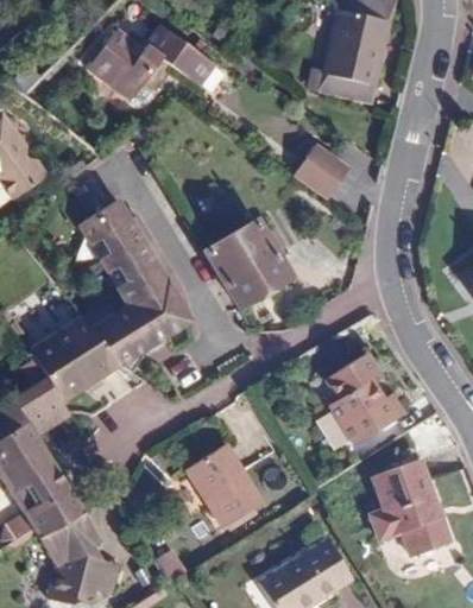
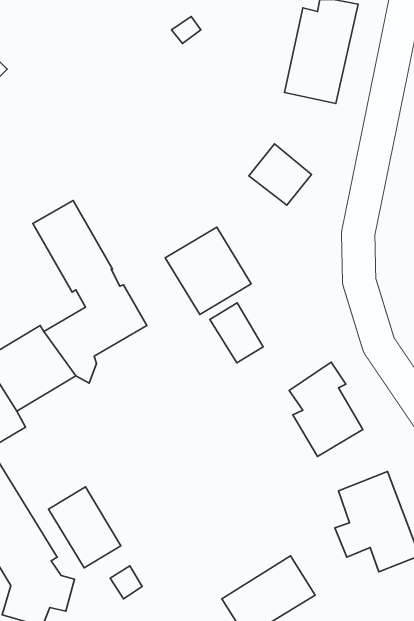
building: [81,20,207,95] -> none
building: none -> [210,303,263,363]
building: [191,448,261,526] -> [49,487,121,568]

